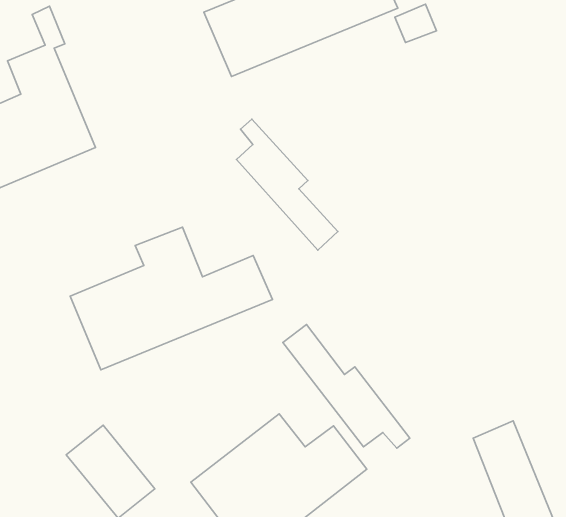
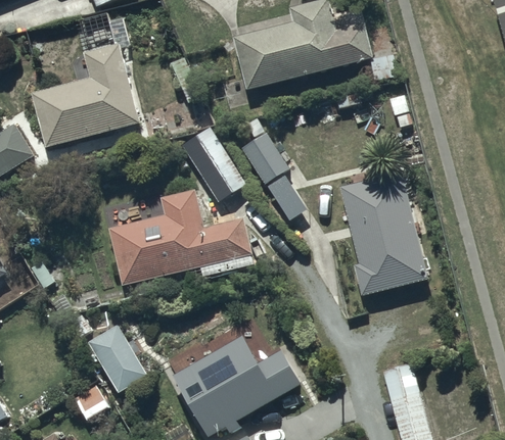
building: none -> [181,129,242,200]
building: none -> [340,169,429,294]
building: [283,325,410,448] -> none

